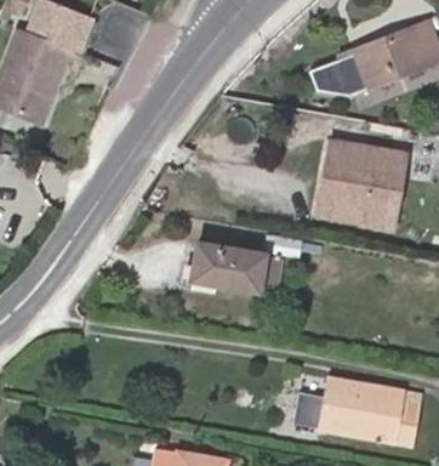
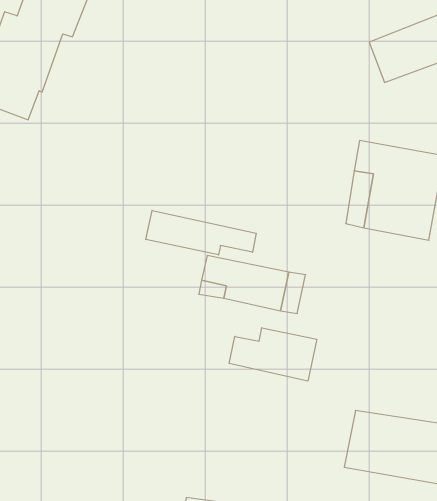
building: none -> [146,210,256,255]
building: none -> [229,328,317,381]

